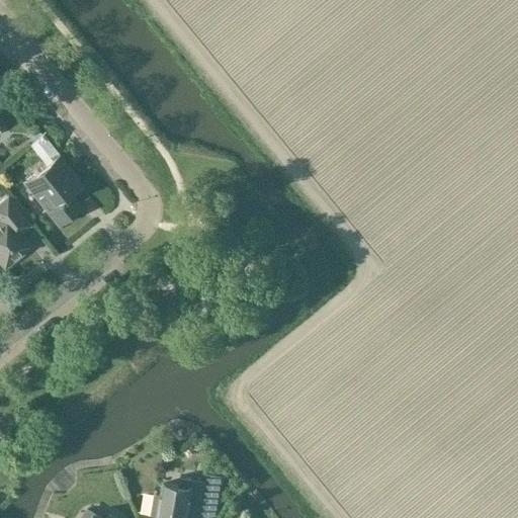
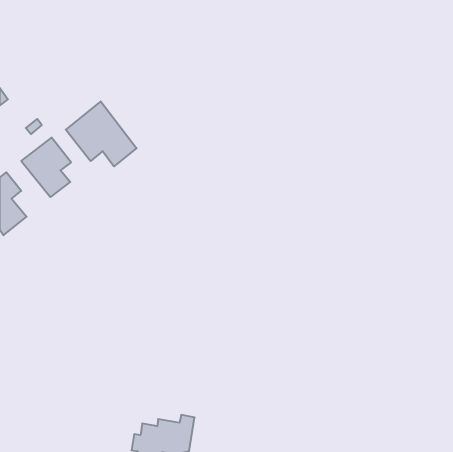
building: none -> [66,101,137,166]

